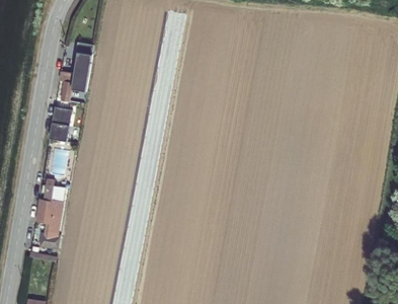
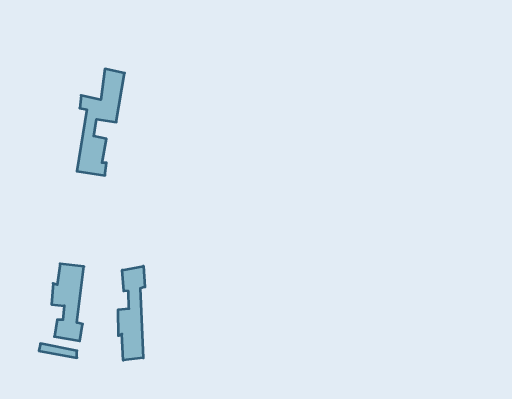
building: none -> [118,266,145,360]

